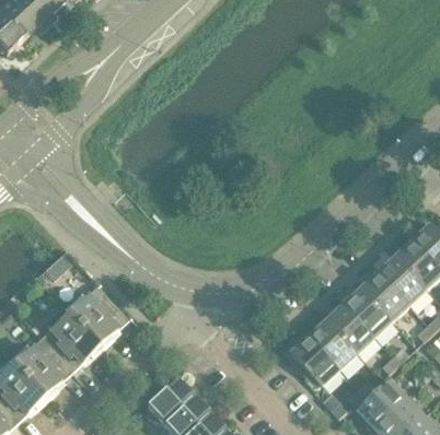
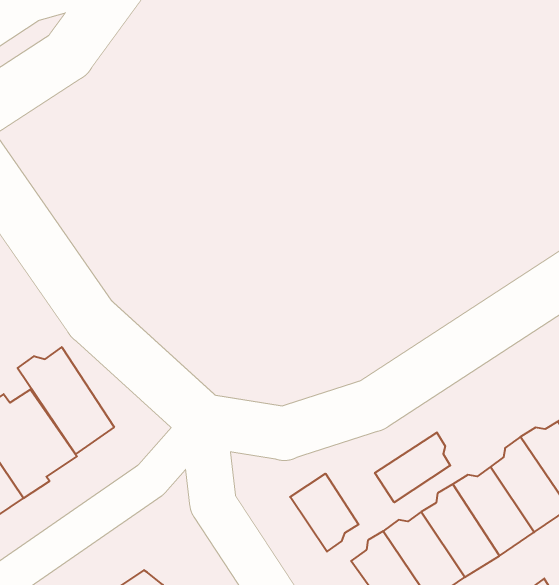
building: none -> [18,347,114,454]
building: none -> [375,432,450,502]
building: none -> [290,474,359,552]

